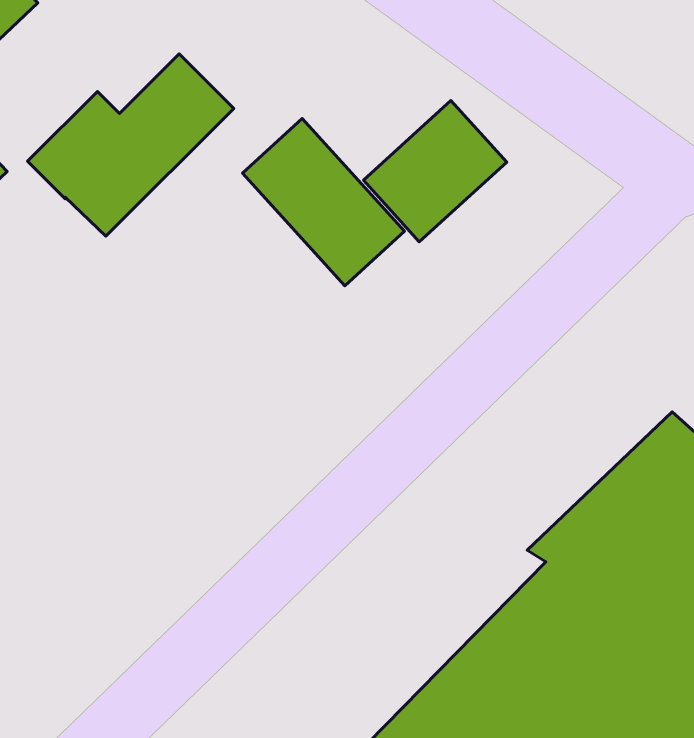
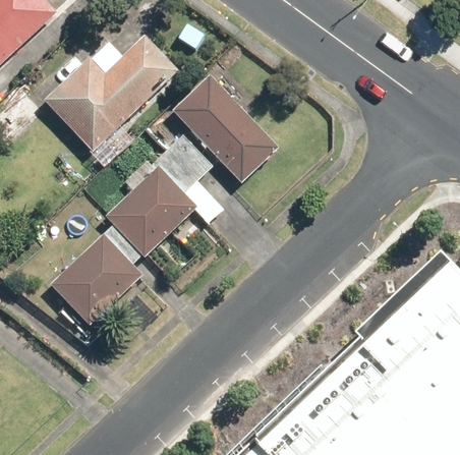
building: [363,101,507,242] -> none
building: none -> [57,134,213,325]

